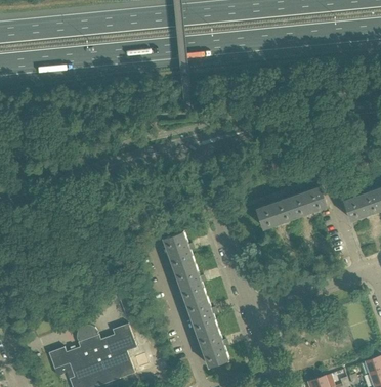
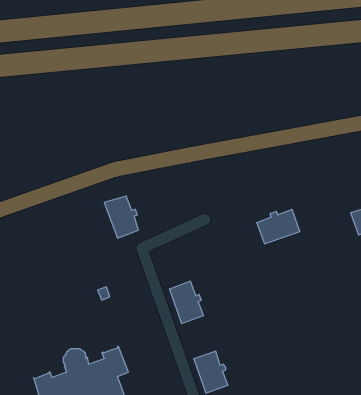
building: [288,185,327,217] -> none
building: [162,231,194,270] -> [104,196,138,238]
building: [185,295,217,335] -> none

